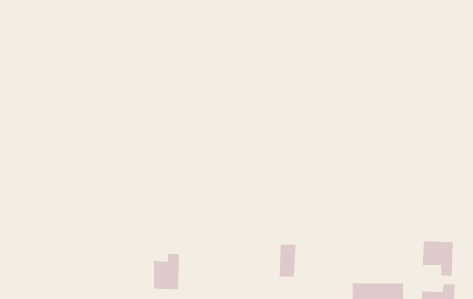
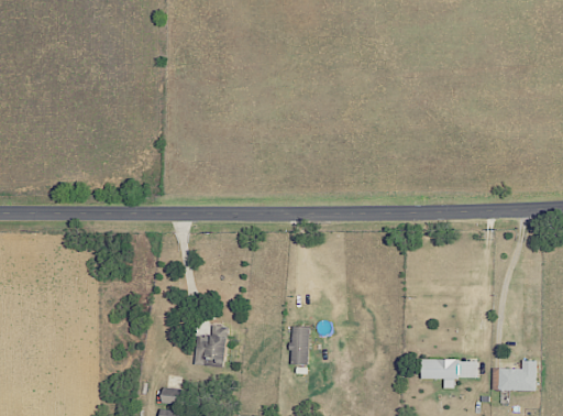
building: [422,241,453,277] -> none
building: [279,244,296,277] -> [290,326,310,363]

